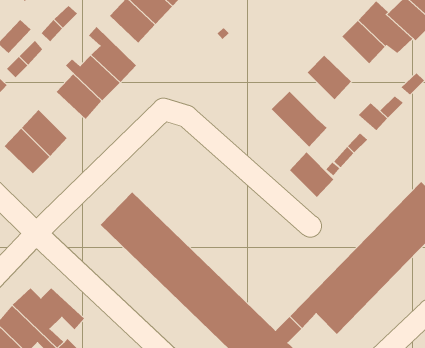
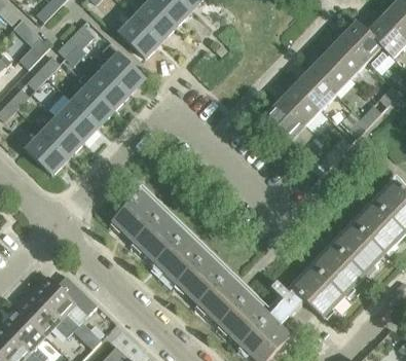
building: none -> [310,52,350,93]
building: none -> [57,102,99,143]
building: [289,152,334,198] -> [280,84,320,125]

